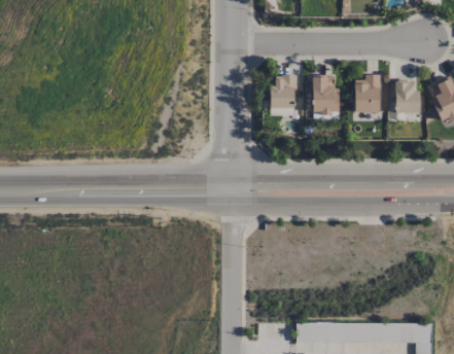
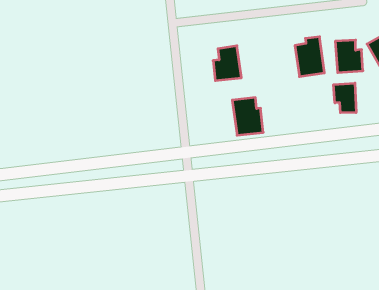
building: [313,78,341,114] -> [232,98,263,135]
building: none -> [334,83,356,113]

